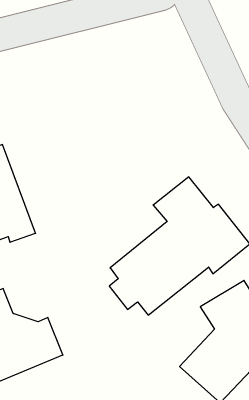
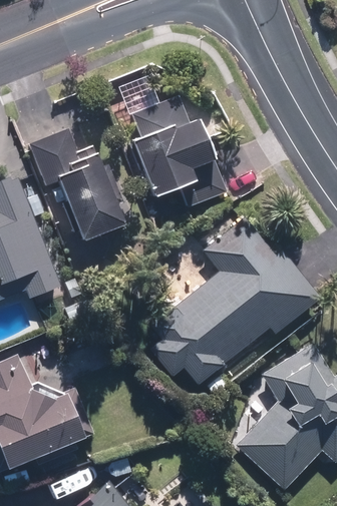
building: none -> [128,97,226,208]
building: none -> [28,130,128,238]

